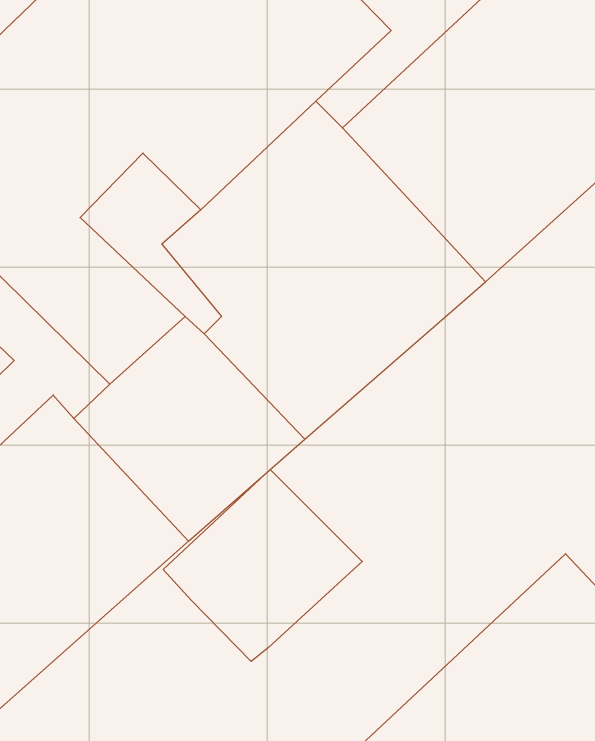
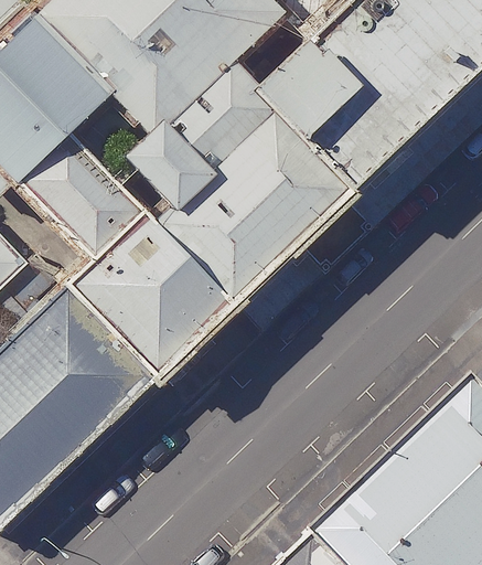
building: [163,469,362,661] -> none

